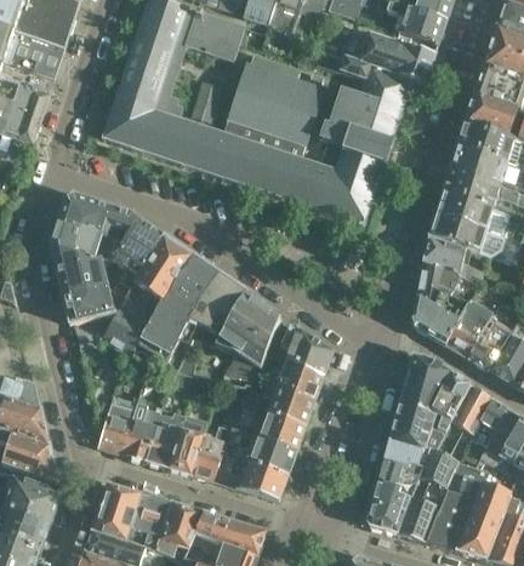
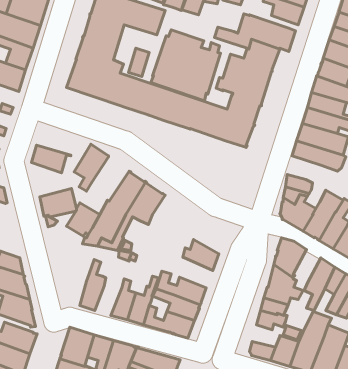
building: [58,193,137,234] -> none
building: [422,235,484,285] -> none
building: [125,236,193,313] -> none
building: [51,245,109,295] -> none
building: [217,292,280,378] -> none
building: [283,322,332,377] -> none
building: [431,371,471,430] -> none
building: [241,382,314,427] -> none
building: [98,402,135,452] -> none
building: [143,410,186,467] -> none
building: [417,445,460,487] -> none
building: [371,480,411,513] -> none

